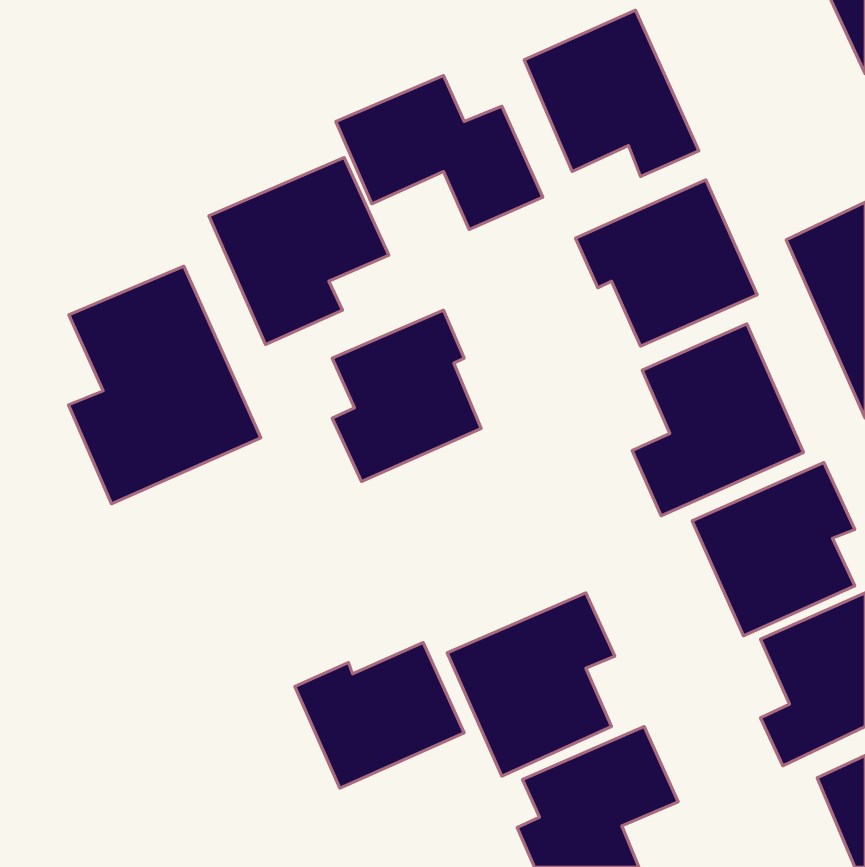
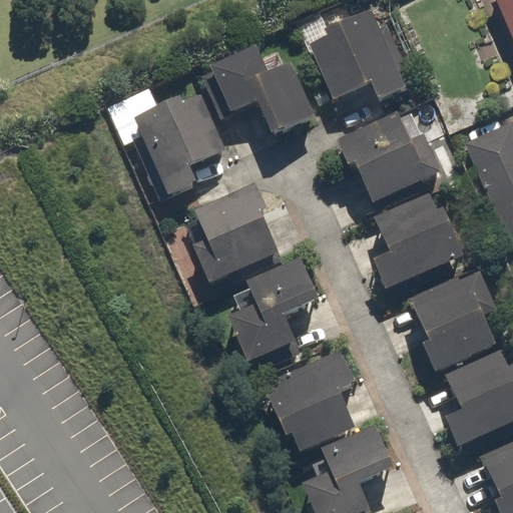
building: [68,266,261,504] -> none
building: none -> [219,256,323,362]
building: [295,643,464,788] -> none

